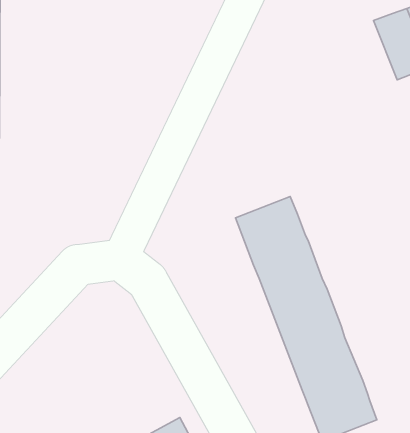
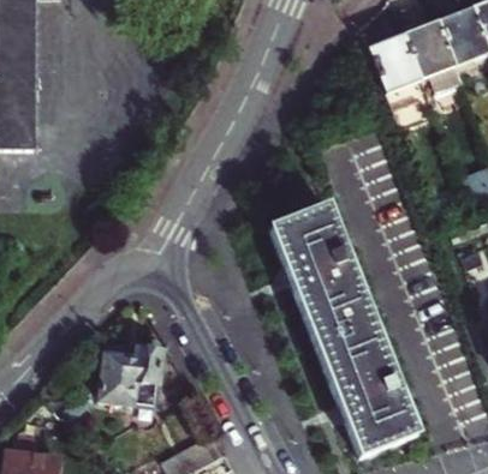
building: none -> [376,30,436,103]
building: none -> [97,340,160,403]

